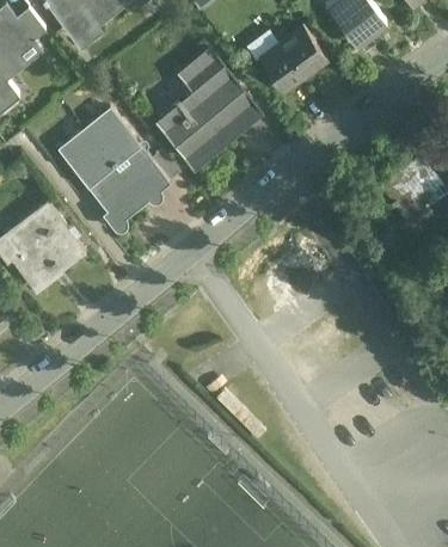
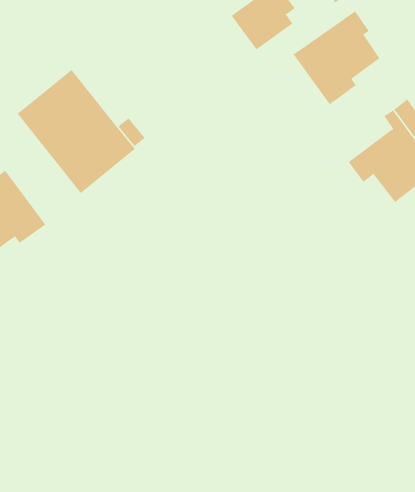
building: [160,53,257,164] -> none
building: none -> [293,10,380,105]

